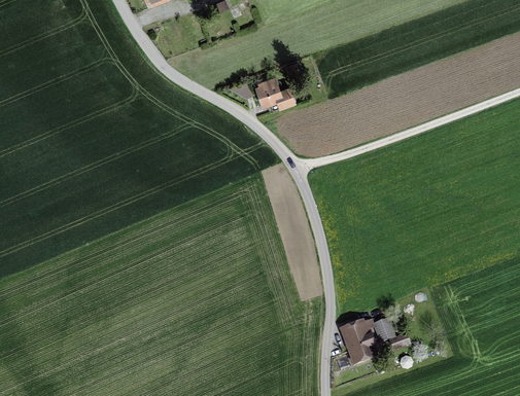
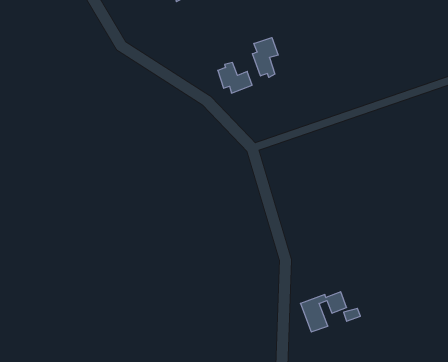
building: none -> [252,38,278,77]

